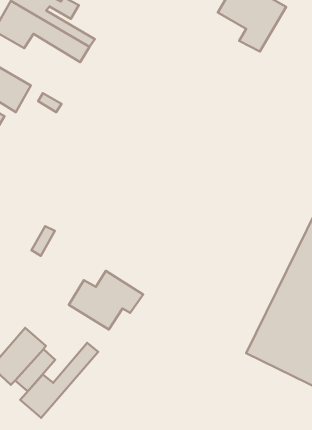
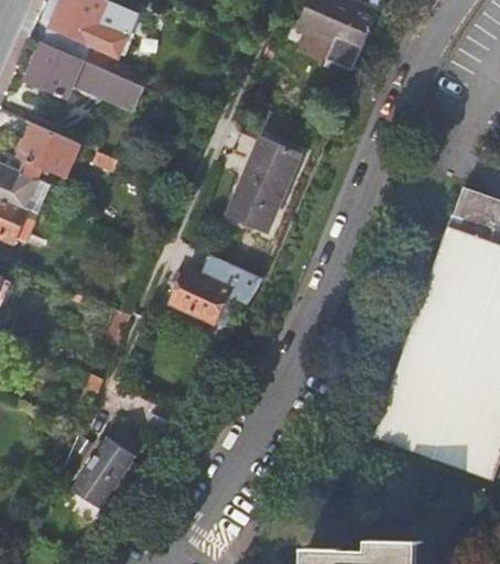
building: none -> [229,141,296,229]
building: [69,271,143,330] -> [170,254,258,325]
building: [20,343,98,418] -> none

